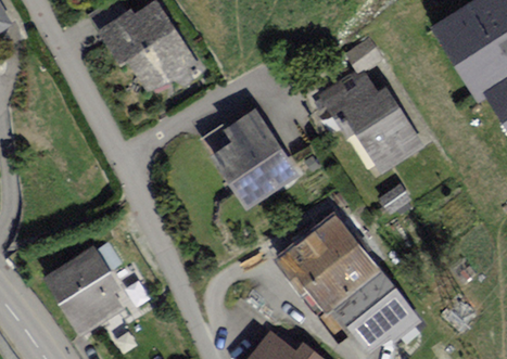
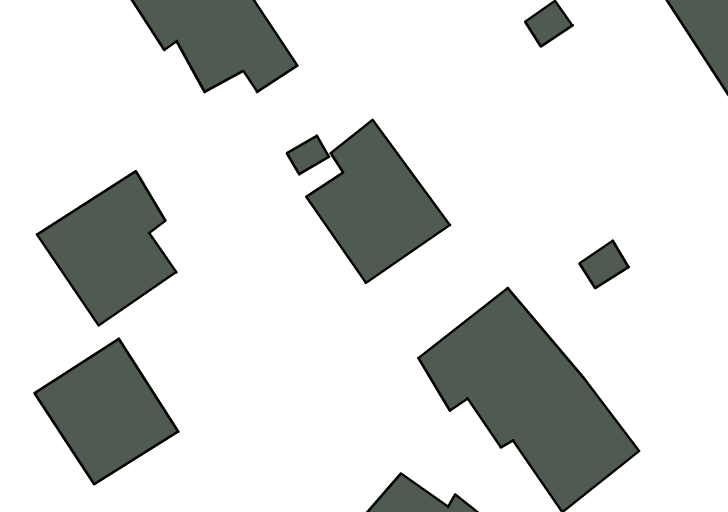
building: [317,60,428,177] -> none
building: none -> [37,171,176,325]

